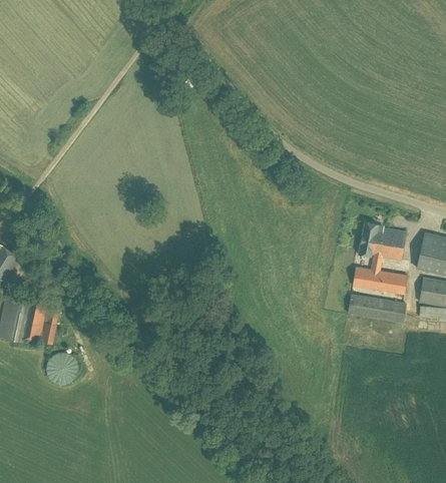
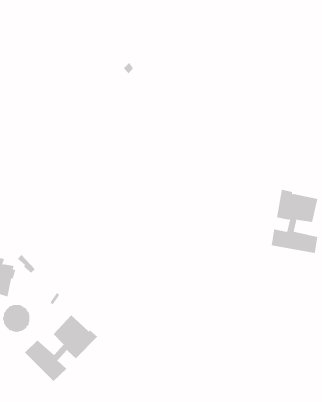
building: [348,295,406,323] -> none
building: none -> [24,314,98,382]

